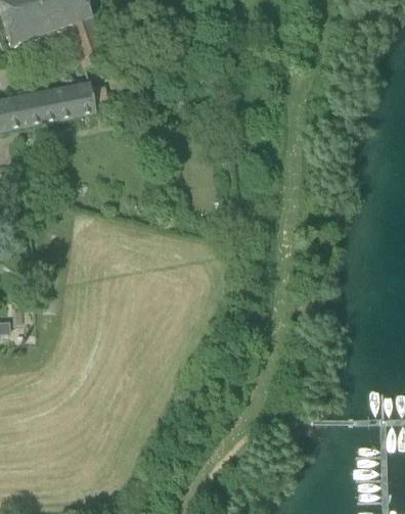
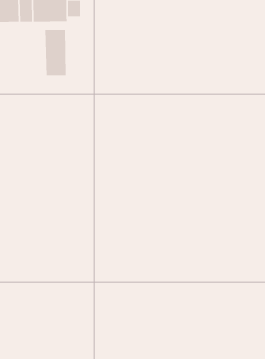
building: none -> [45,29,66,76]

